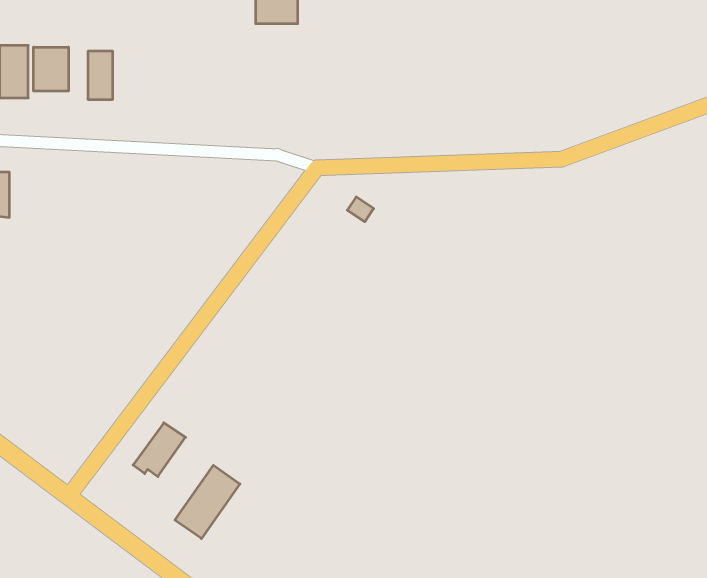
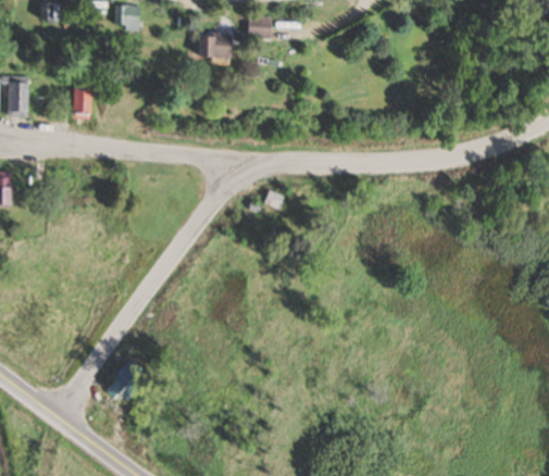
building: [34,47,68,91] -> none
building: [175,465,240,539] -> none

